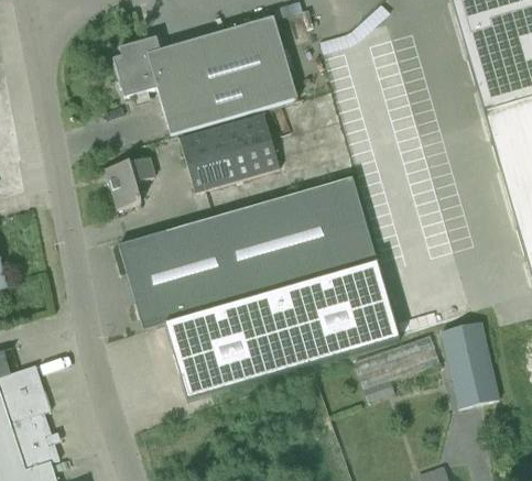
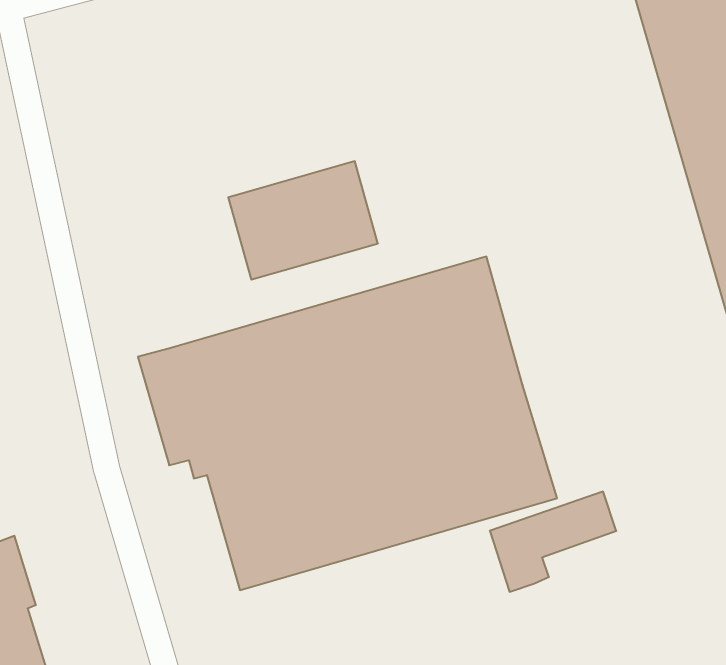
building: [112,15,296,134] -> none
building: [105,156,154,208] -> none
building: [439,319,499,406] -> none

